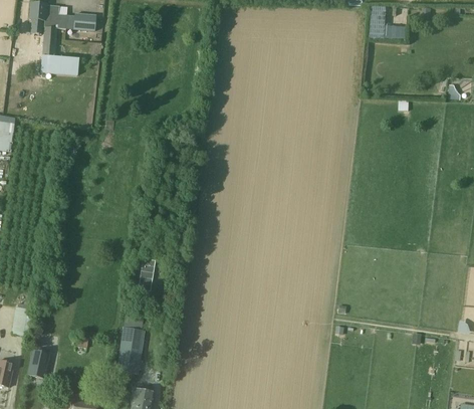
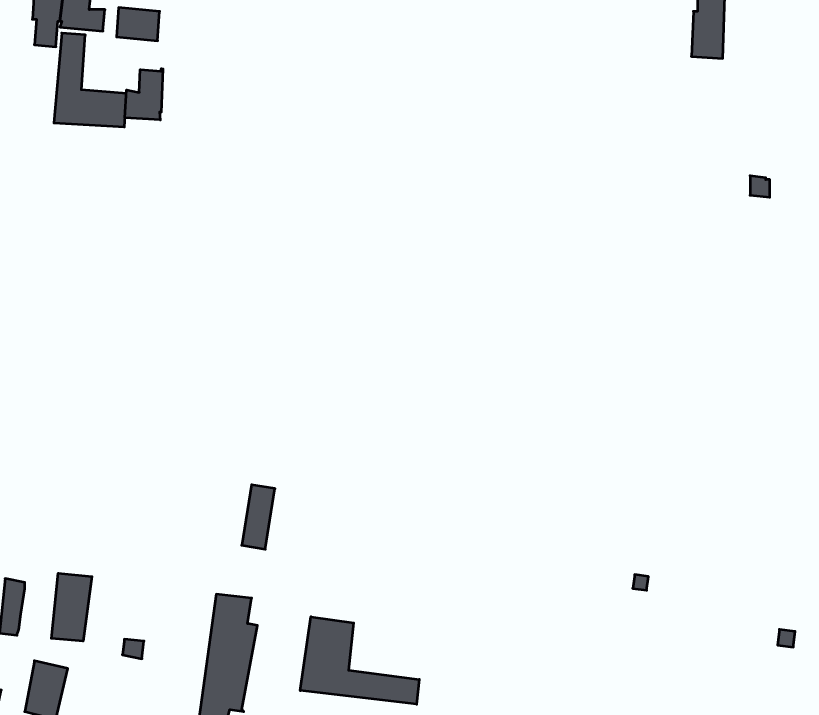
building: none -> [125,69,163,120]
building: none -> [51,573,92,641]
building: none -> [300,617,419,704]

